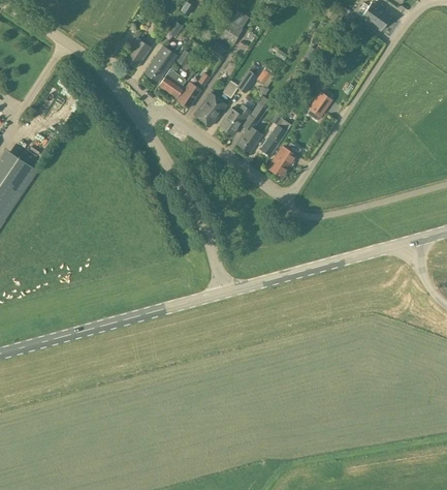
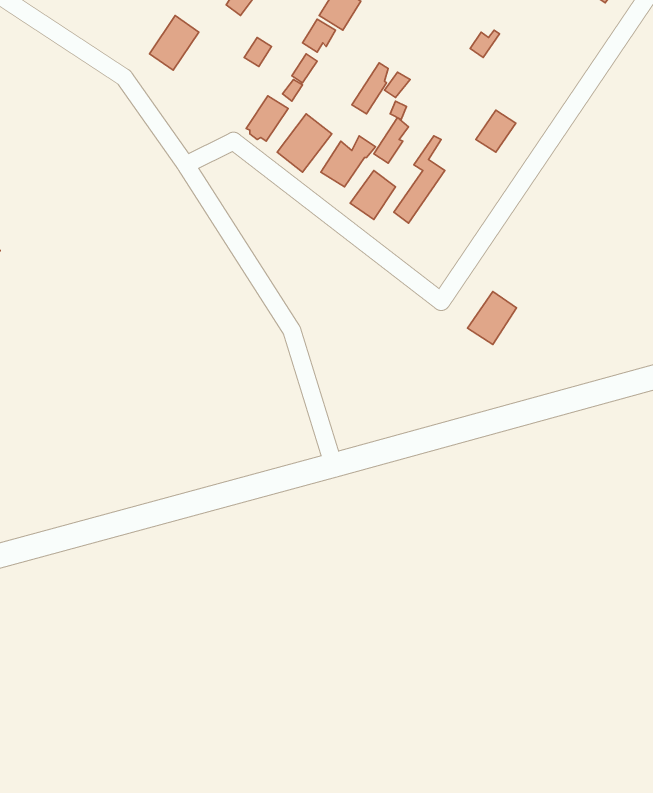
building: [145,45,177,82] -> none
building: [159,69,186,98] -> none
building: [268,147,296,177] -> [467,292,517,344]

